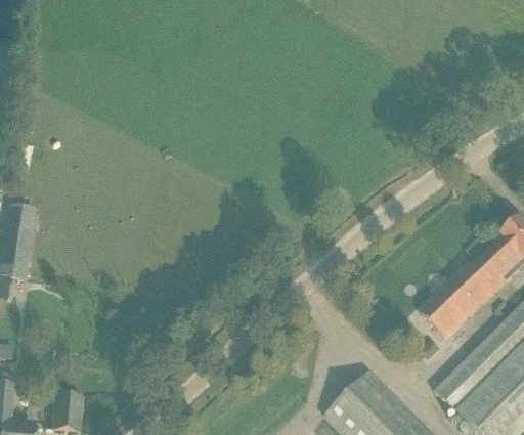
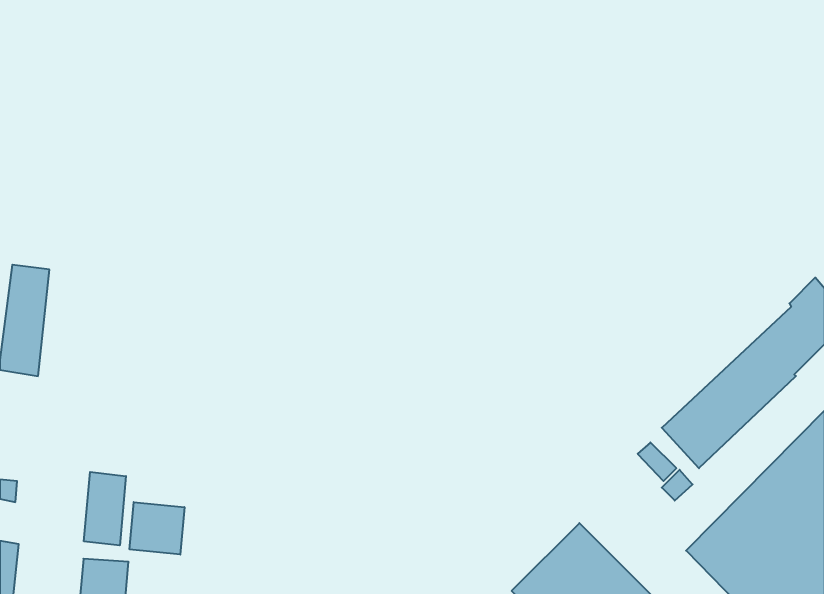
building: none -> [84,472,126,545]
building: none -> [130,502,184,555]

